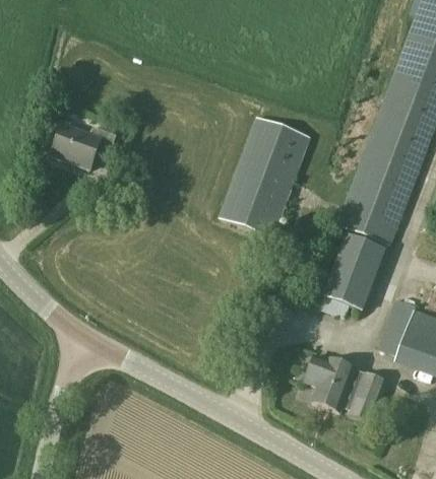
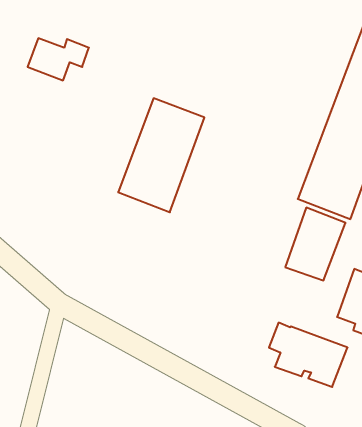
building: [219,116,310,236] -> [118,98,204,212]
building: [52,124,117,168] -> [28,38,89,80]

